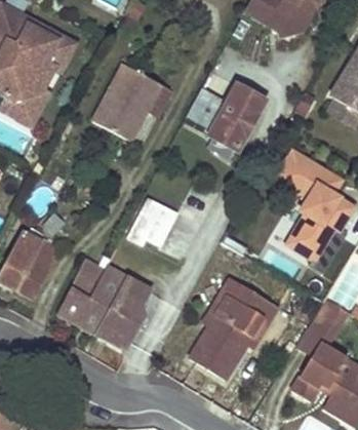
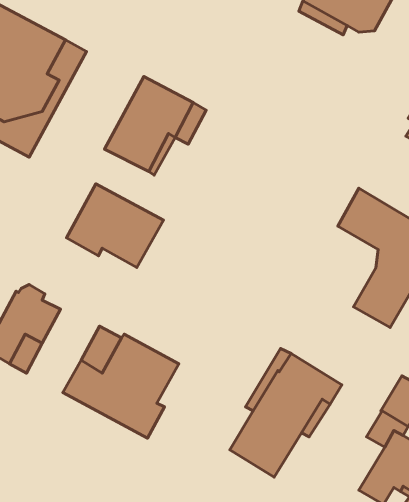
building: [185,83,264,150] -> none
building: none -> [67,184,164,267]
building: [127,208,171,245] -> none

